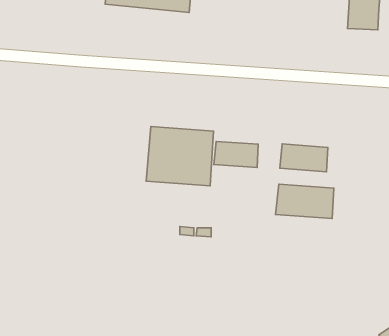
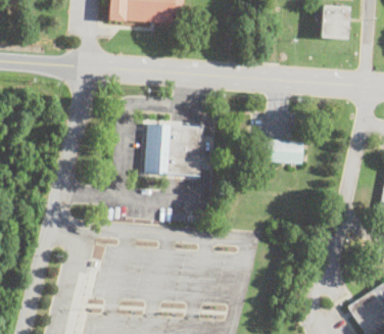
building: [214,141,258,168] -> none
building: [276,184,334,219] -> none

